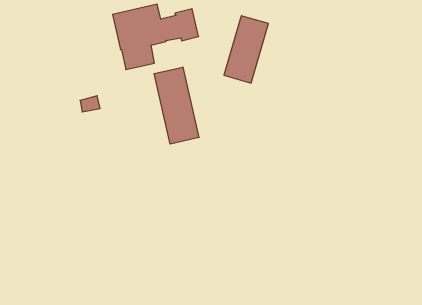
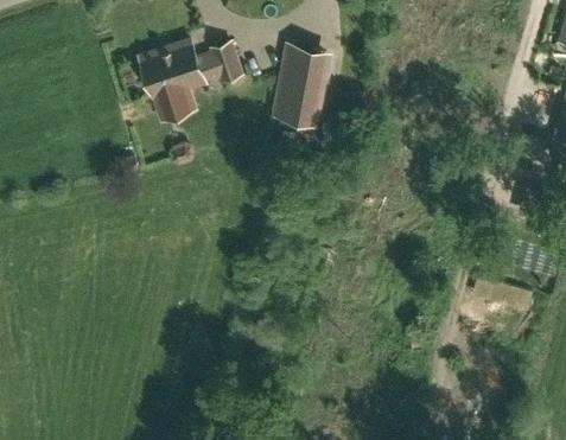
building: [154,67,199,144] -> none

